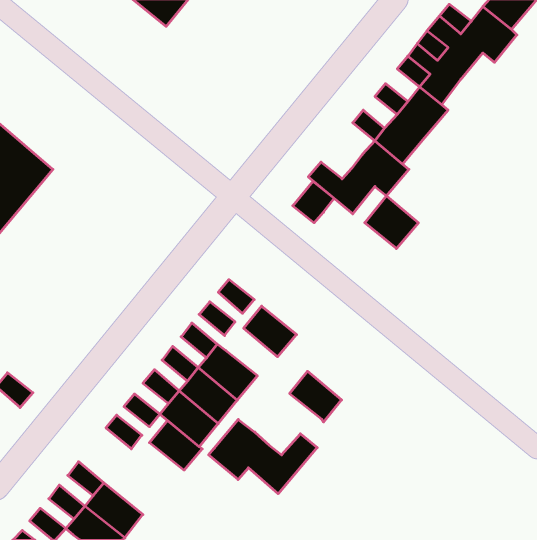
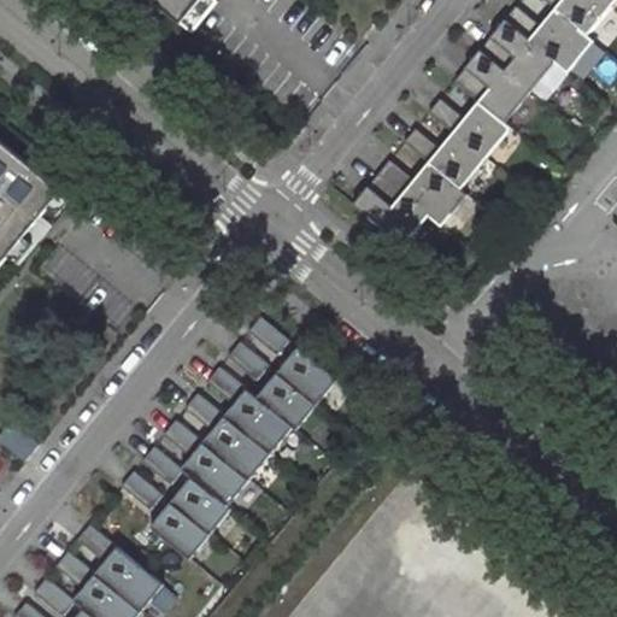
building: [293,181,334,223] -> [365,157,412,204]
building: [365,196,418,249] -> none
building: [290,371,342,422] -> [257,374,316,431]
building: [209,419,317,494] -> none
building: none -> [151,504,210,560]

